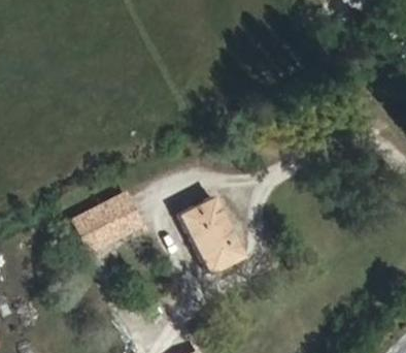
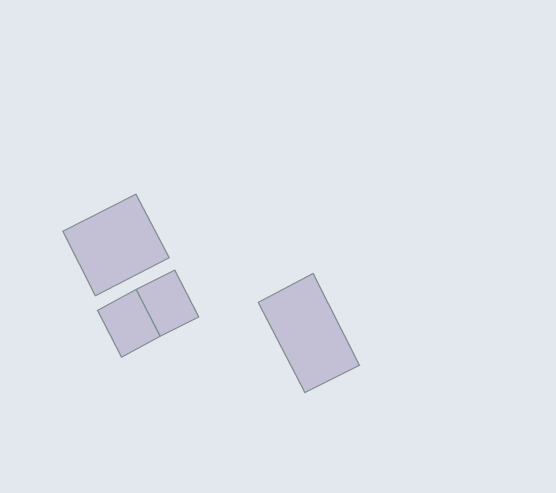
building: none -> [63,194,169,296]

